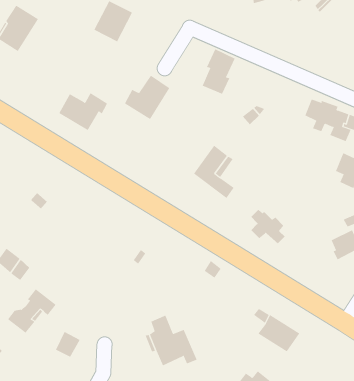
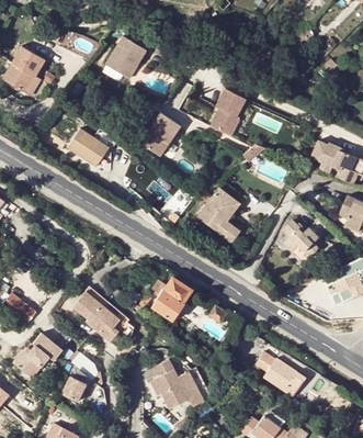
building: [250,209,285,244] -> [285,221,320,256]
building: none -> [151,276,191,319]
building: none -> [71,283,129,330]

